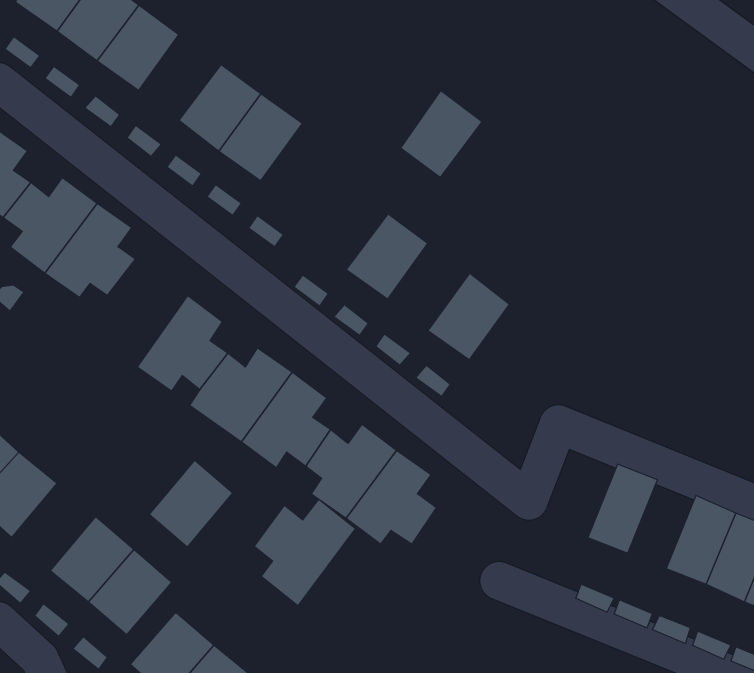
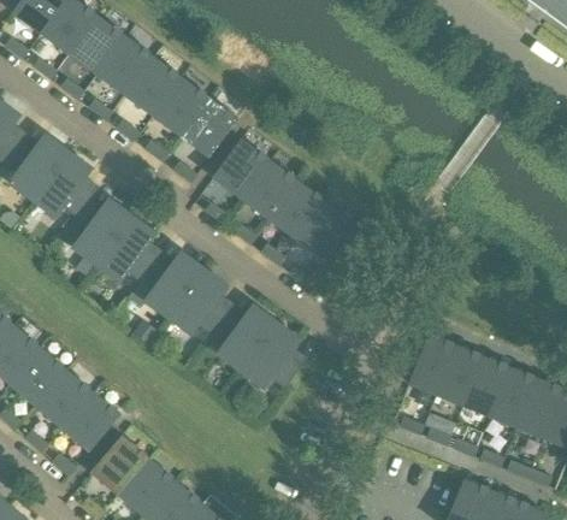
building: none -> [98,36,154,95]
building: [400,90,482,177] -> [213,138,270,199]
building: none -> [182,98,238,158]
building: none -> [270,181,326,241]
building: none -> [67,191,131,266]
building: [149,460,233,547] -> [10,347,67,407]
building: none -> [436,344,483,406]
building: [254,499,355,606] -> none

